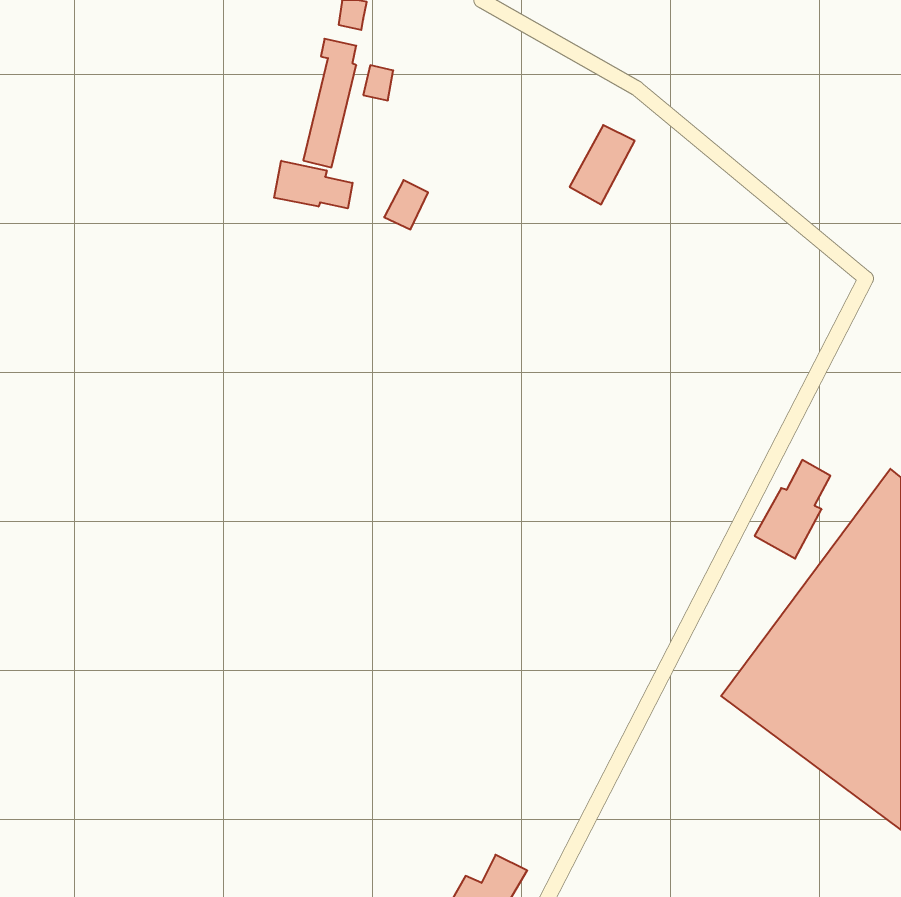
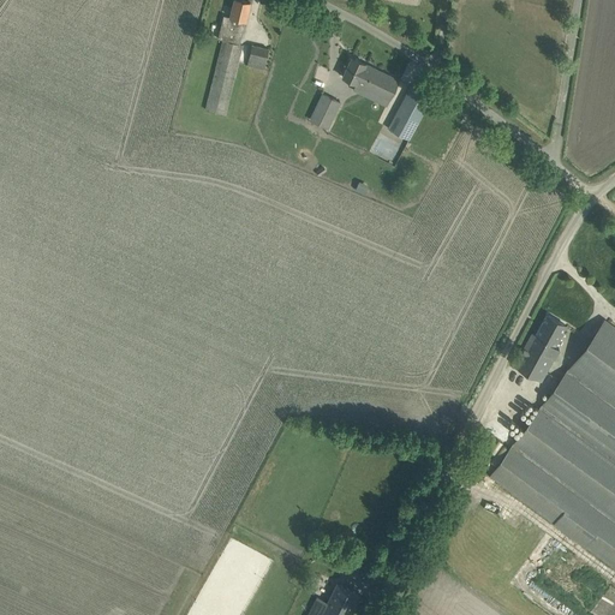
building: none -> [342,59,399,101]
building: [274,161,353,208] -> none
building: [384,180,428,229] -> [310,96,340,130]

